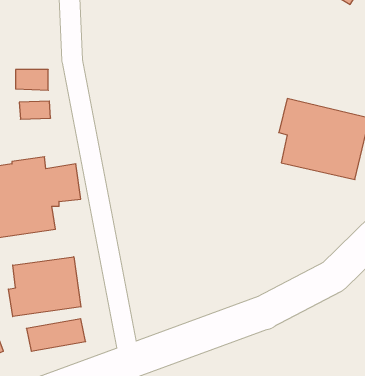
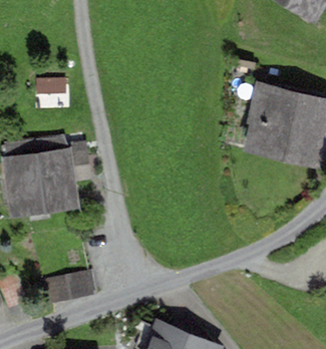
building: [8,257,81,317] -> none

